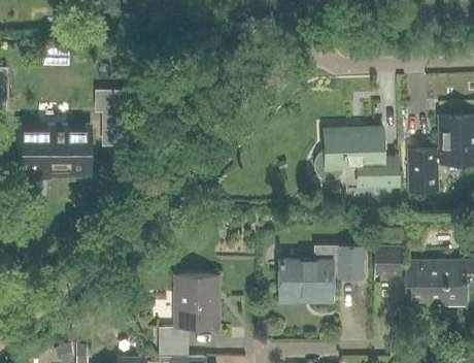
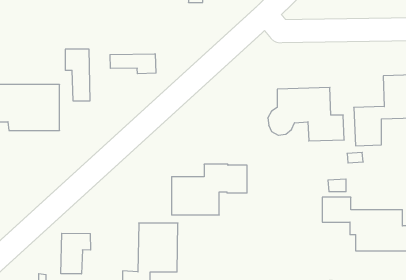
building: none -> [110,54,156,74]
building: [280,246,362,301] -> [172,164,247,215]
building: none -> [61,233,90,274]

